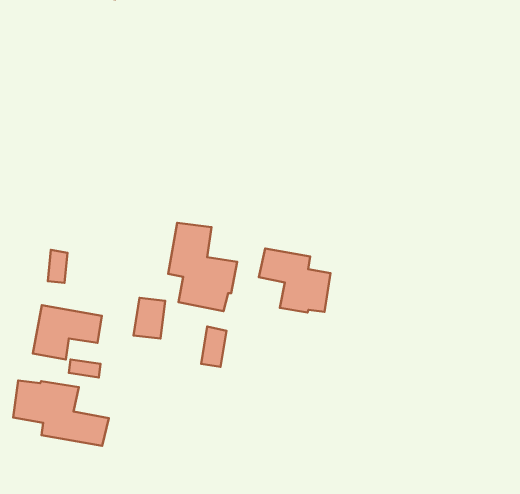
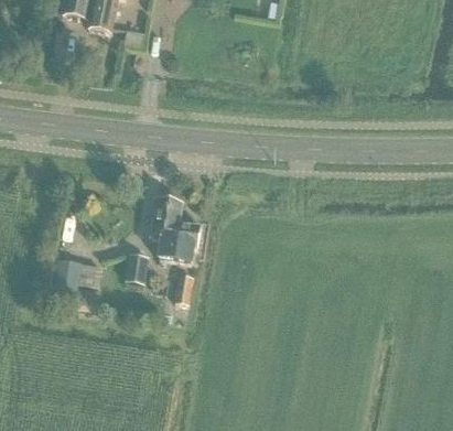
building: [259,248,330,312] -> none
building: [13,381,109,446] -> none

